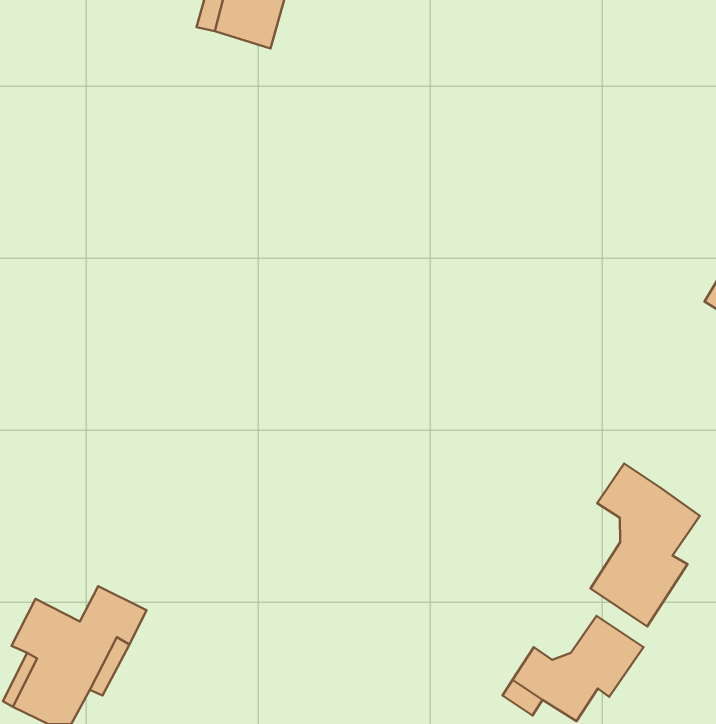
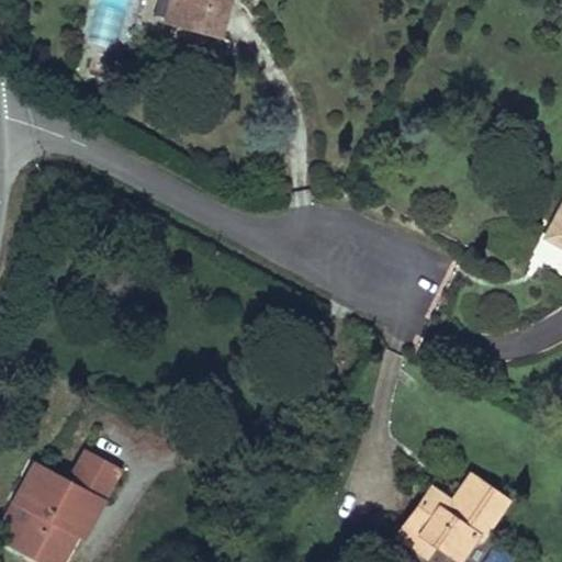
building: [590,464,700,626] -> none

